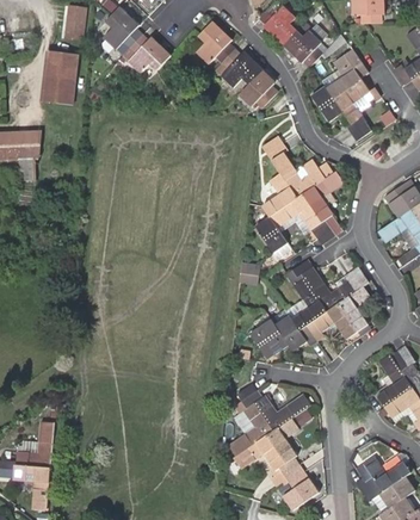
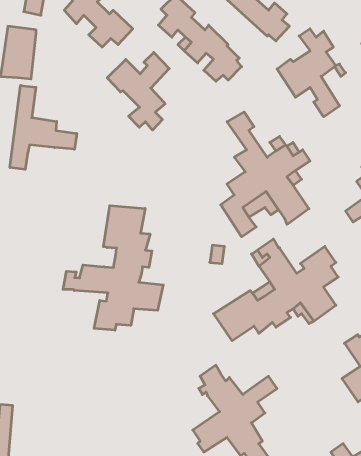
building: none -> [107,52,169,130]
building: none -> [10,85,77,169]
building: none -> [63,206,163,330]

